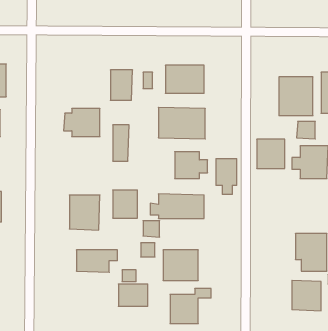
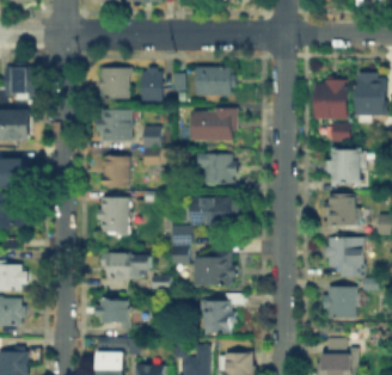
building: none -> [99,68,128,97]
building: [257,139,285,168] -> [329,196,357,226]
building: [216,159,237,194] -> none
building: [113,190,137,218] -> [104,158,129,186]
building: [118,284,148,306] -> [99,301,129,324]

